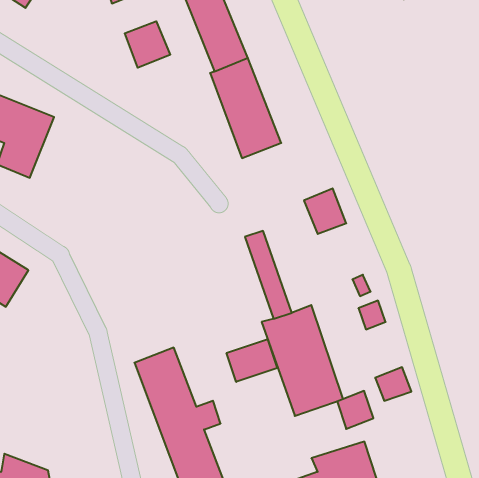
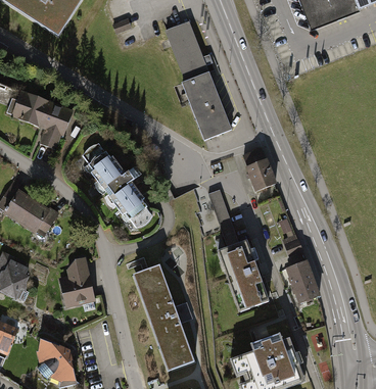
building: [125,21,170,68] -> none
building: none -> [81,142,151,225]
building: none -> [58,257,96,306]
building: [227,339,277,382] -> none
building: [337,391,373,429] -> [286,260,311,286]

